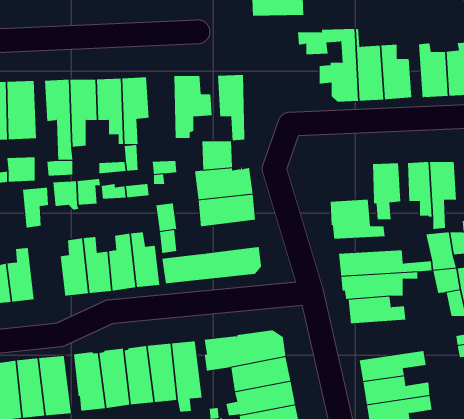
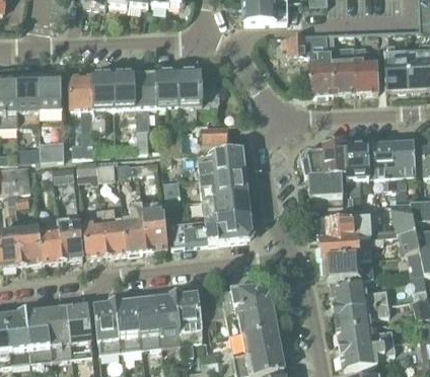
building: [217,74,245,141] -> [156,72,180,128]
building: none -> [301,146,346,177]
building: none -> [201,193,250,221]
building: none -> [57,214,83,259]
building: none -> [331,283,388,310]

